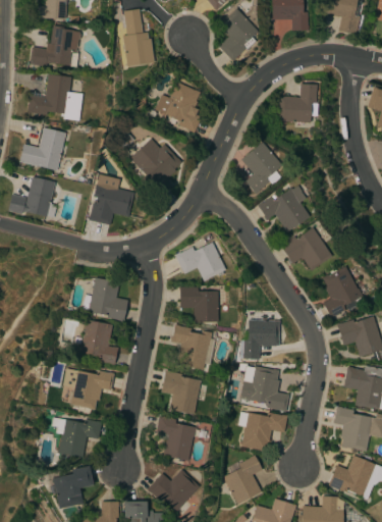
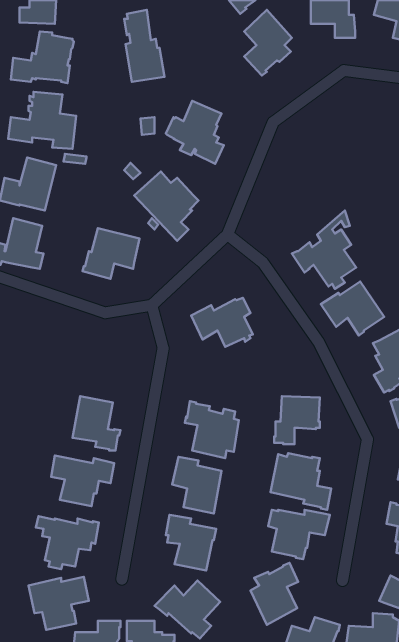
building: [280,84,317,122] -> none
building: [241,142,282,194] -> none
building: [83,277,128,321] -> none
building: [180,286,219,322] -> none

